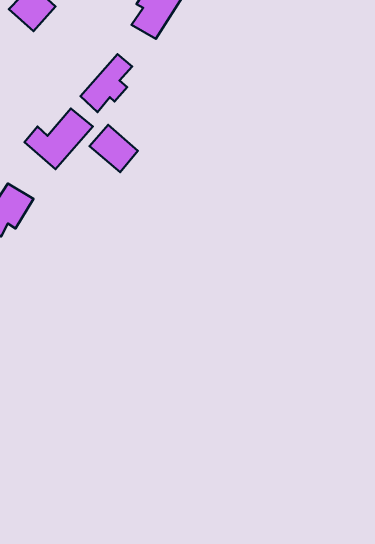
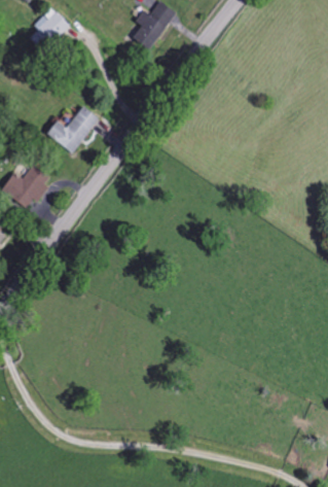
building: [81,54,132,112] -> none
building: [89,125,138,172] -> none

